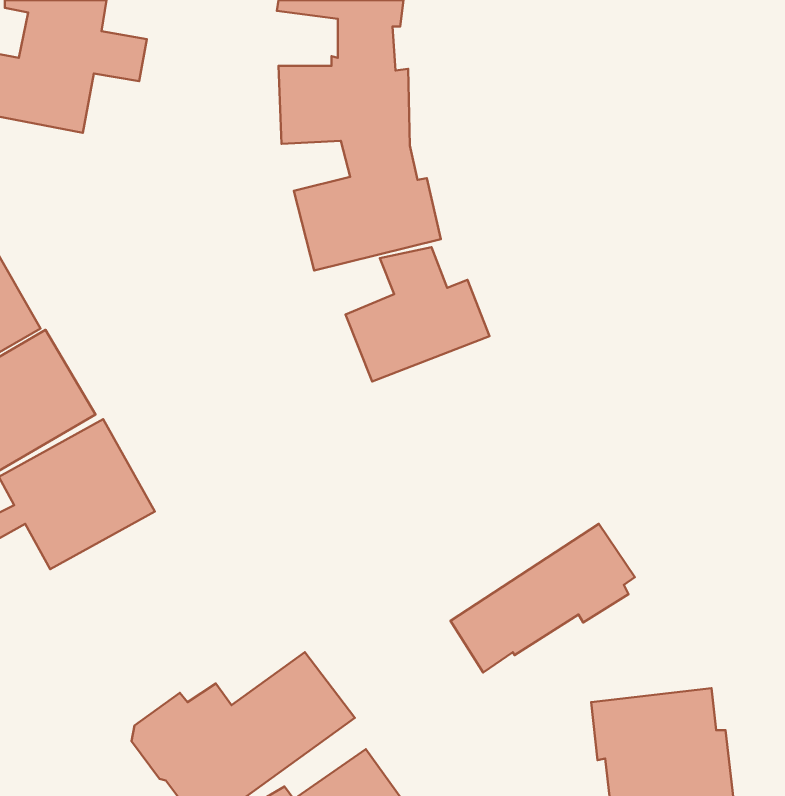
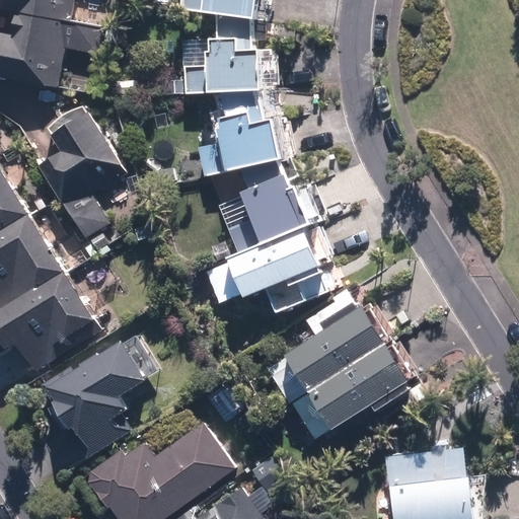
building: none -> [40,115,123,237]
building: none -> [232,226,333,311]
building: none -> [266,293,387,401]
building: none -> [39,339,151,458]

